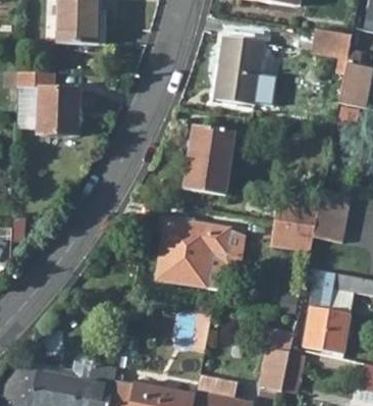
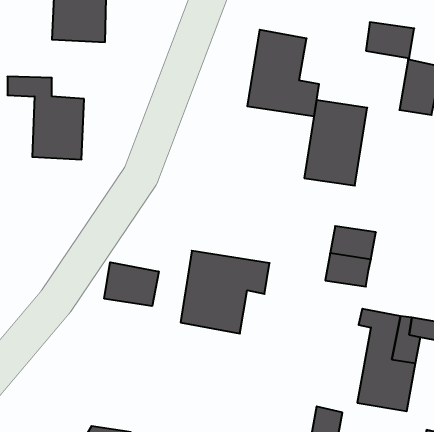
building: [184,124,236,195] -> [304,100,367,186]
building: [313,188,354,241] -> none
building: none -> [104,262,159,306]

